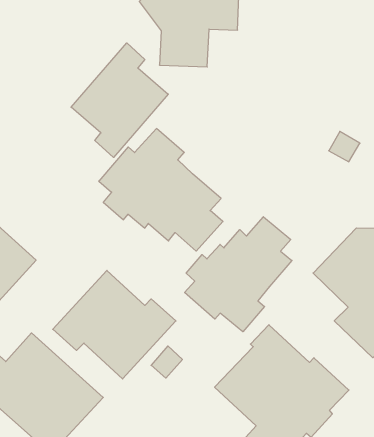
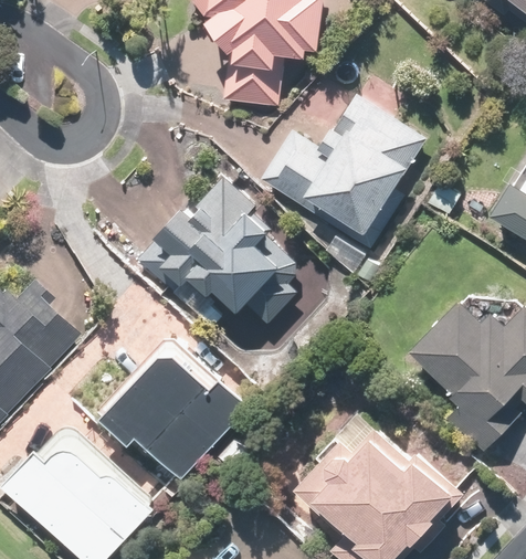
building: [71,43,168,157] -> none
building: none -> [264,92,429,241]
building: [185,217,292,332] -> none

